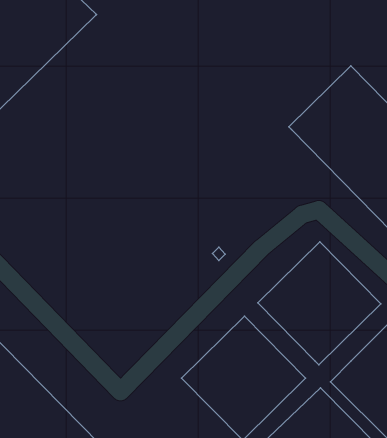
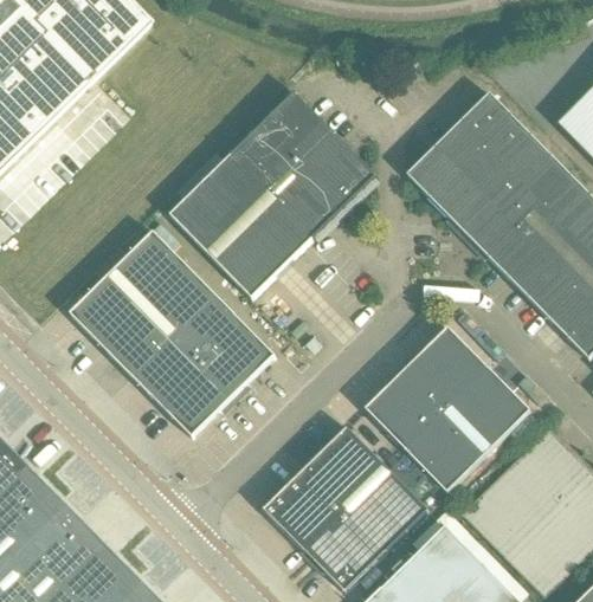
building: none -> [169,92,375,297]
building: none -> [70,231,275,436]

